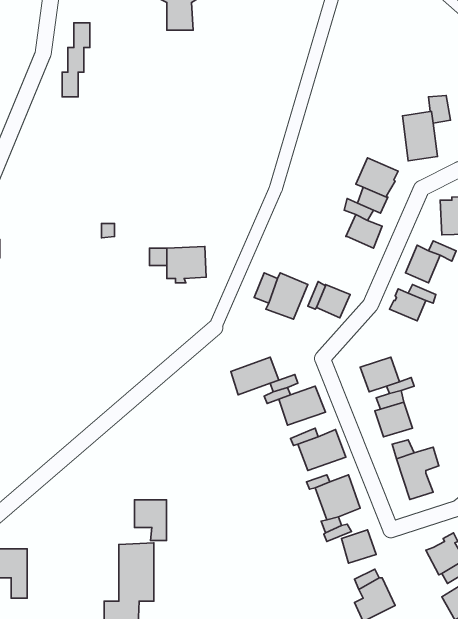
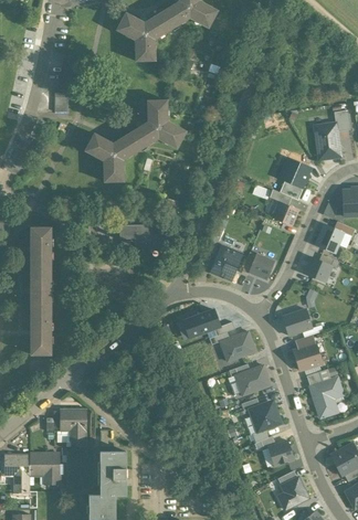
building: none -> [85,100,185,182]
building: none -> [30,227,50,353]
building: [135,500,167,541] -> [61,410,85,441]
building: none -> [29,453,59,485]

